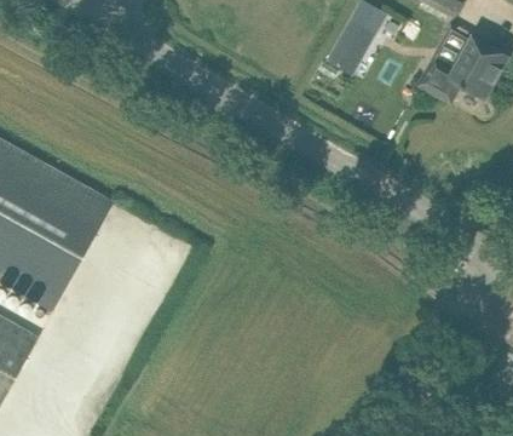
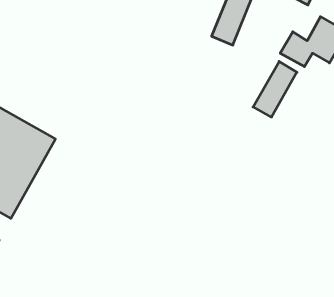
building: none -> [253,61,297,117]

